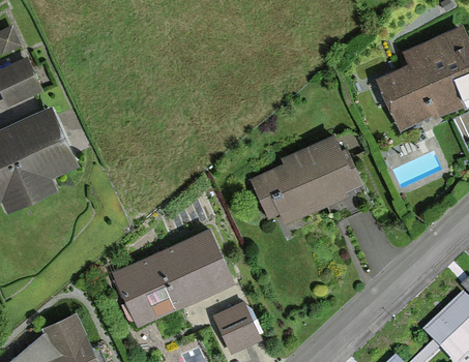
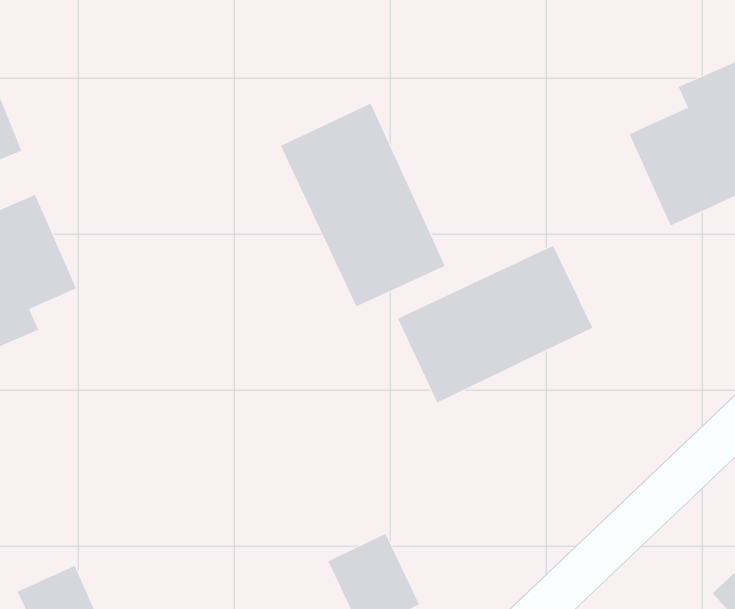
building: none -> [280,103,446,307]
building: [114,232,230,324] -> none

